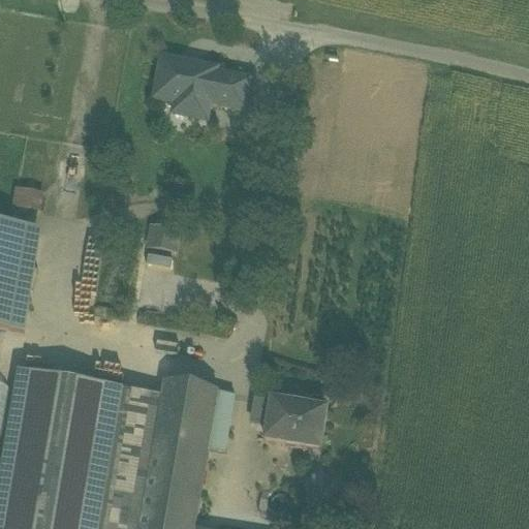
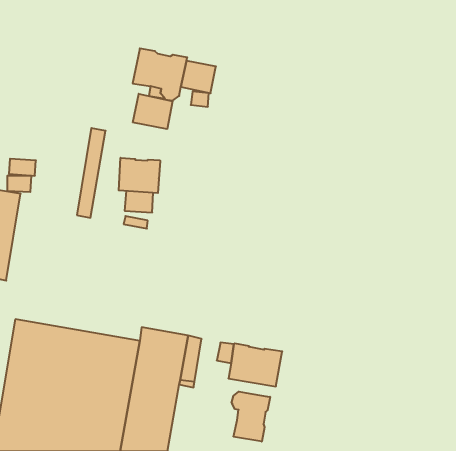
building: none -> [133,94,173,129]
building: none -> [119,158,160,193]
building: [7,223,40,326] -> [77,128,106,218]
building: none -> [232,392,270,442]

